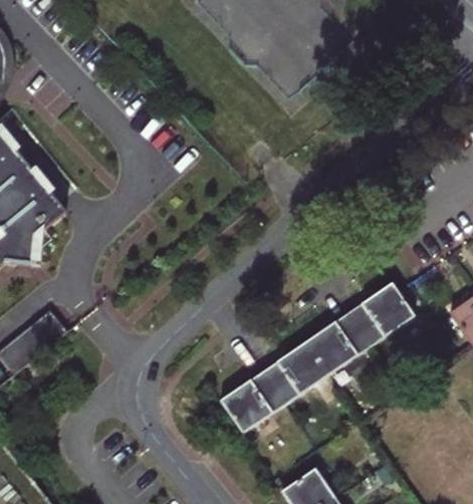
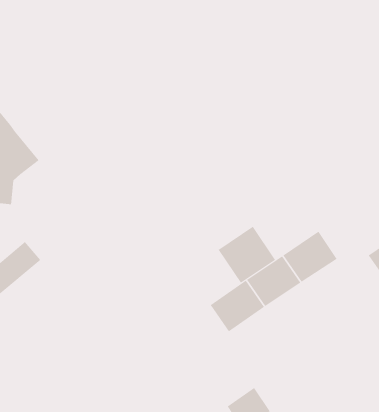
building: none -> [218,226,276,284]
building: [218,373,282,435] -> none

